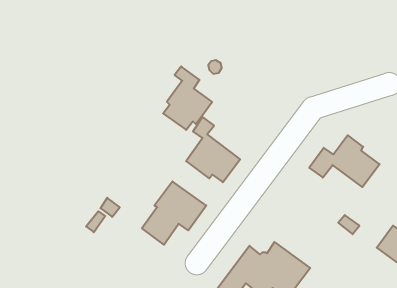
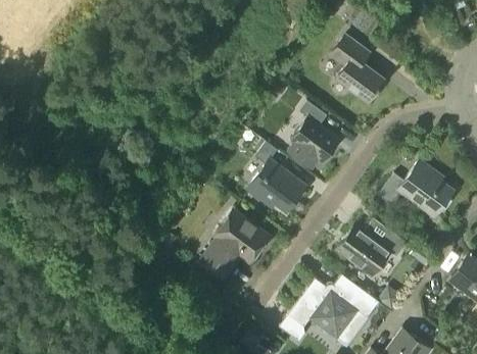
building: none -> [332,36,384,102]
building: [163,66,212,130] -> [288,102,340,169]
building: none -> [337,223,403,275]

